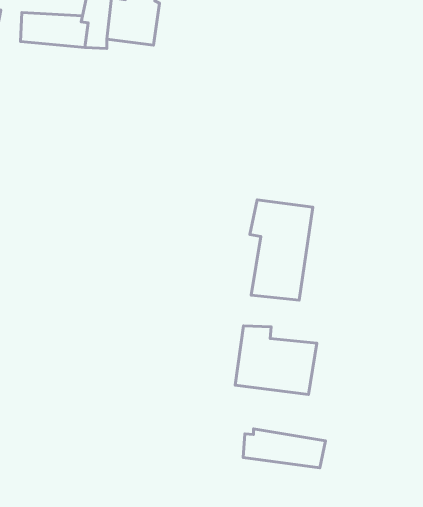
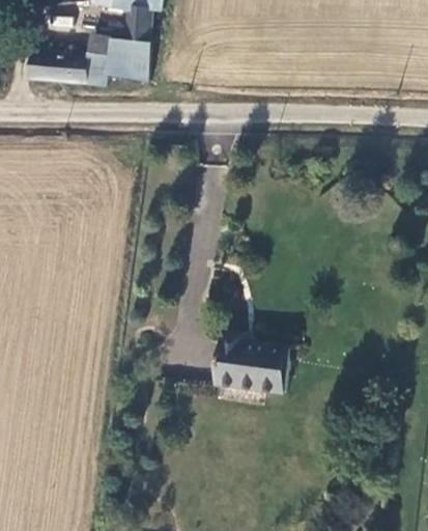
building: [250,200,313,300] -> none
building: [243,429,326,468] -> none

